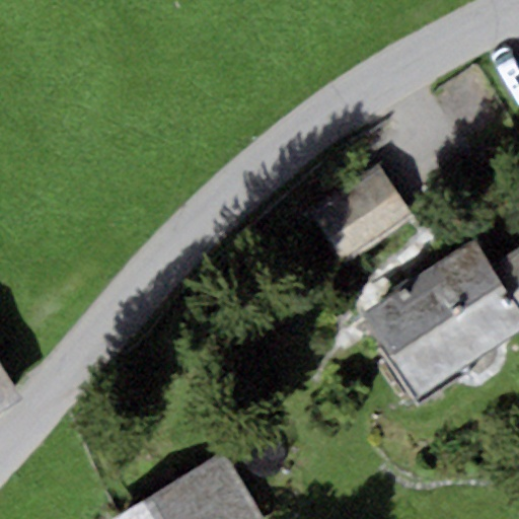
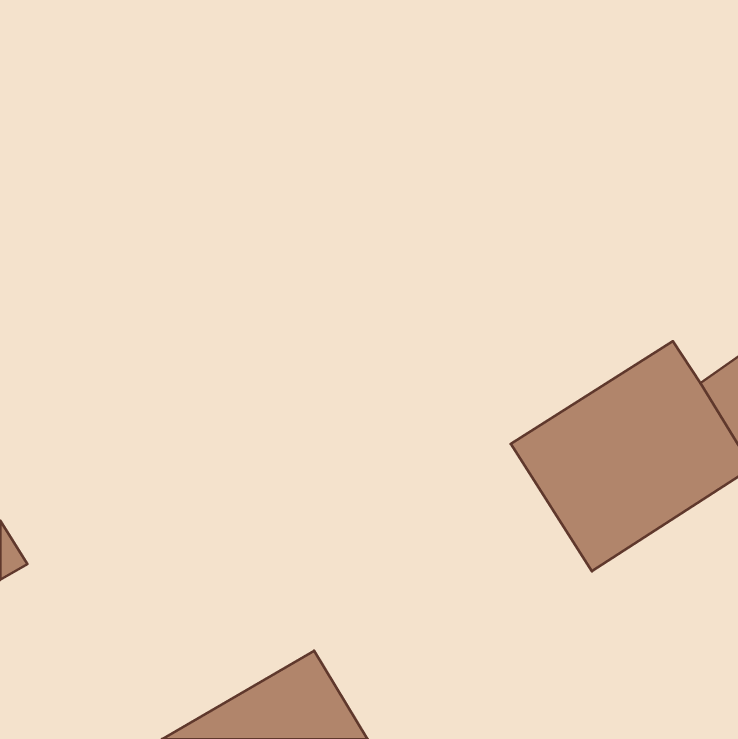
building: [309,168,417,268] -> none

